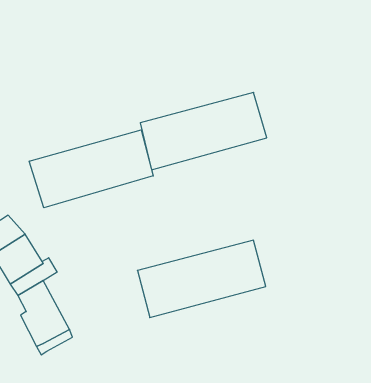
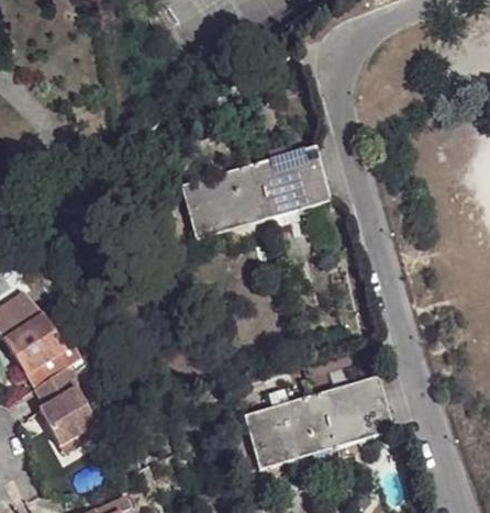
building: [29,130,153,208] -> none
building: [137,240,266,318] -> [238,377,388,467]

